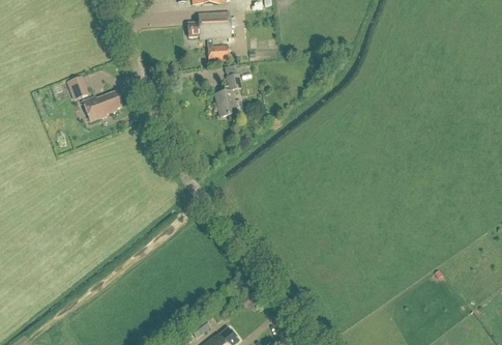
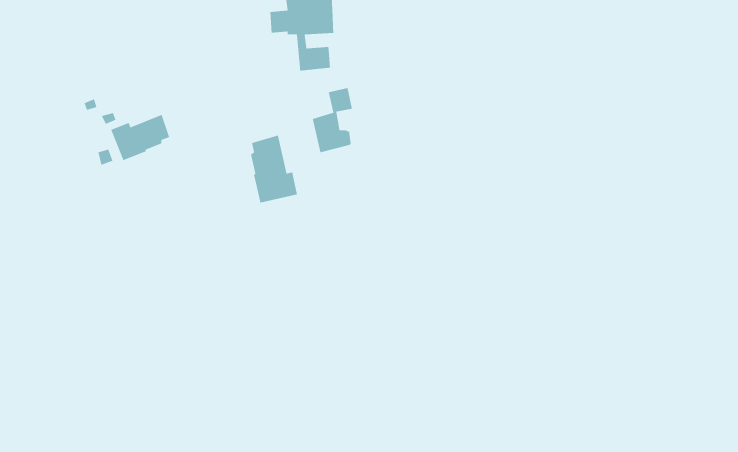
building: none -> [250,134,298,203]

